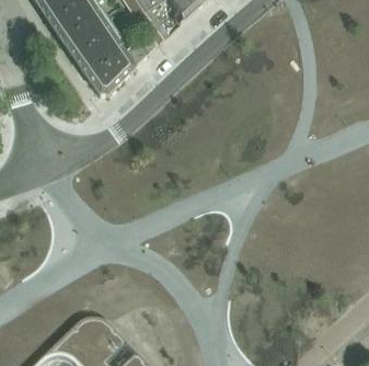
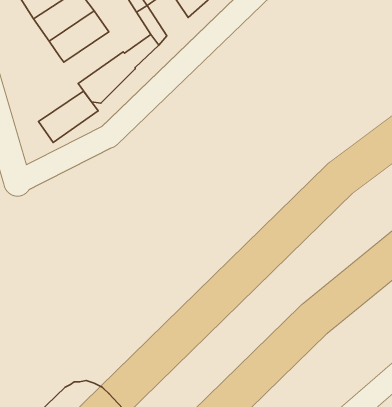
building: [78,34,127,77] -> [39,91,98,143]

